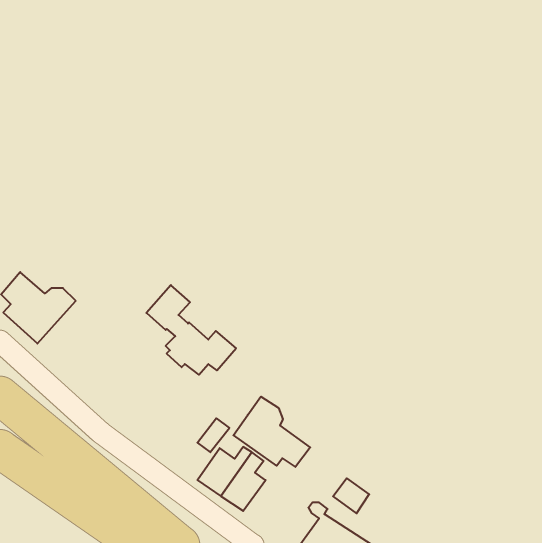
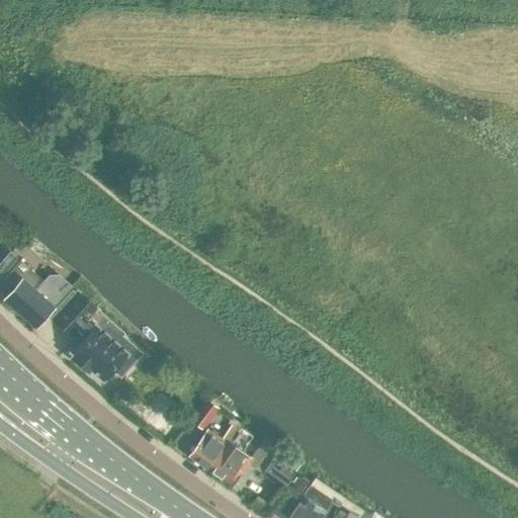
building: [146,285,236,375] -> [57,293,142,378]
building: [233,397,310,467] -> none
building: [333,478,369,513] -> [264,456,298,490]

